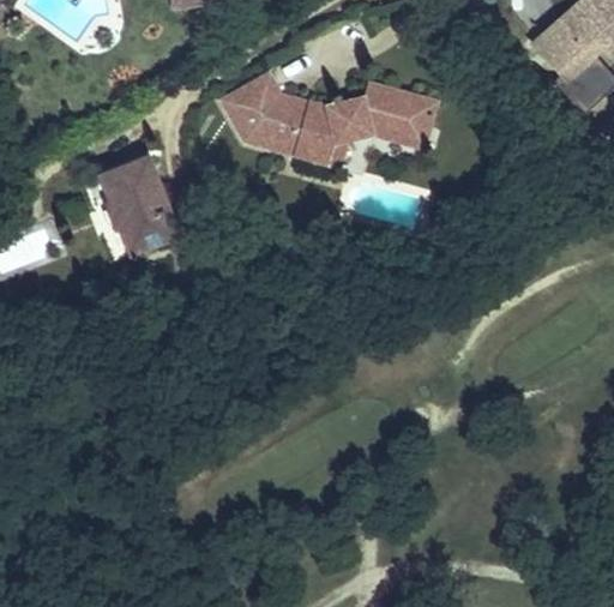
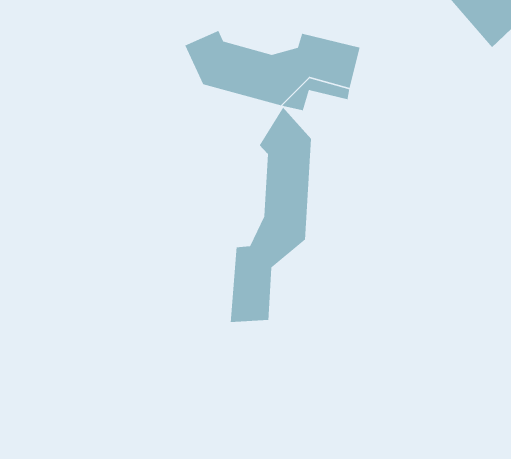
building: [102,156,179,251] -> none
building: none -> [230,107,312,323]

